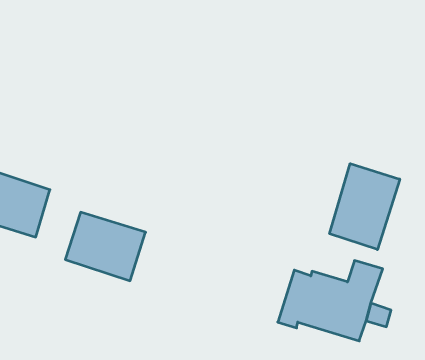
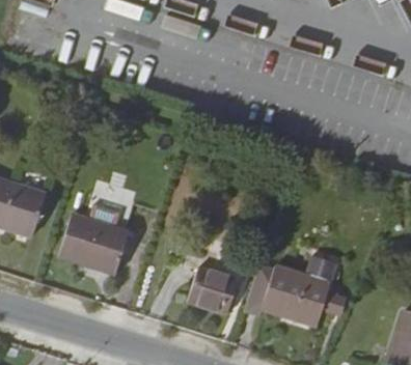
building: [330,164,400,250] -> none
building: none -> [188,268,239,315]

